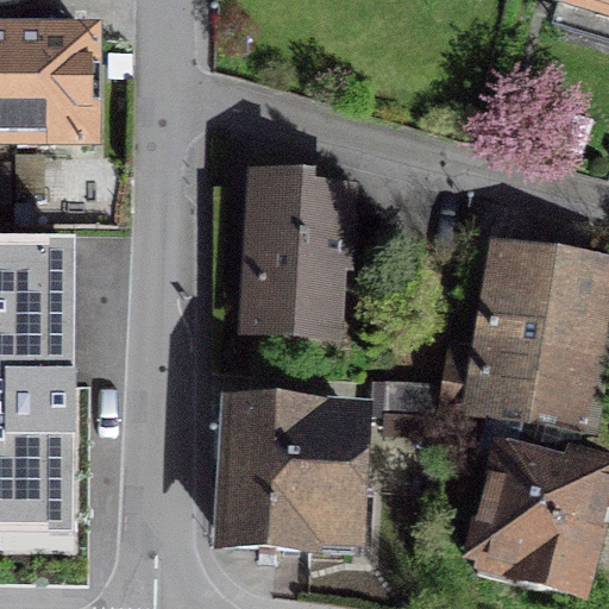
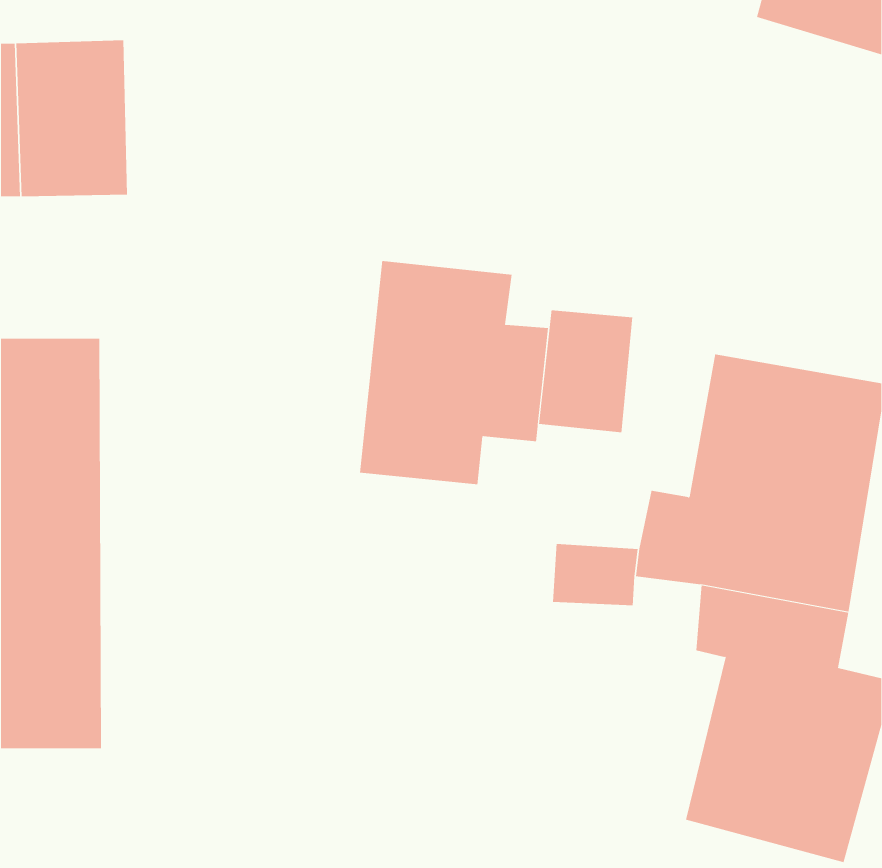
building: none -> [539,309,633,433]
building: [230,408,357,545] -> none

